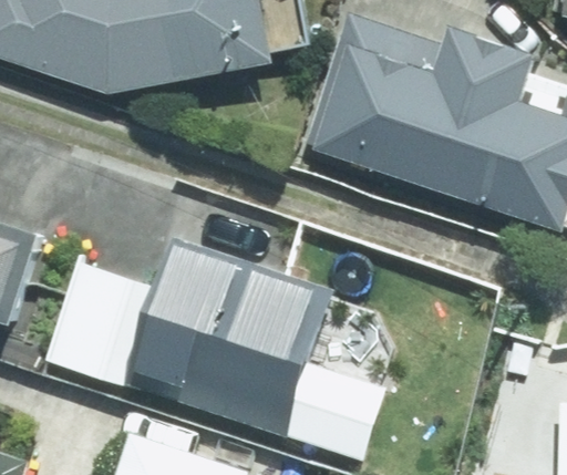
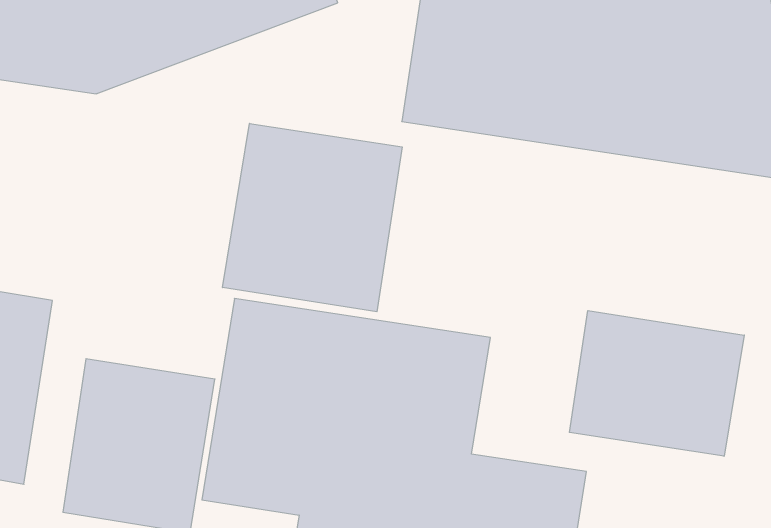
building: none -> [223,123,402,312]
building: none -> [569,311,744,456]

